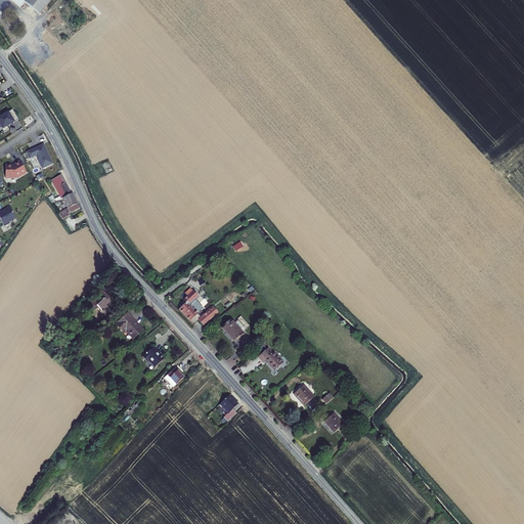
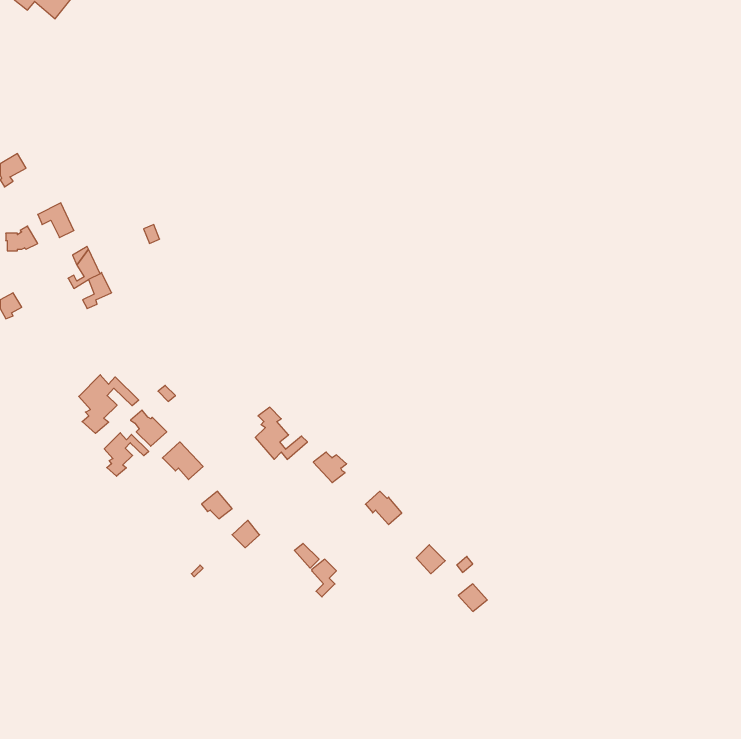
building: none -> [79,375,139,433]
building: none -> [104,433,149,476]

